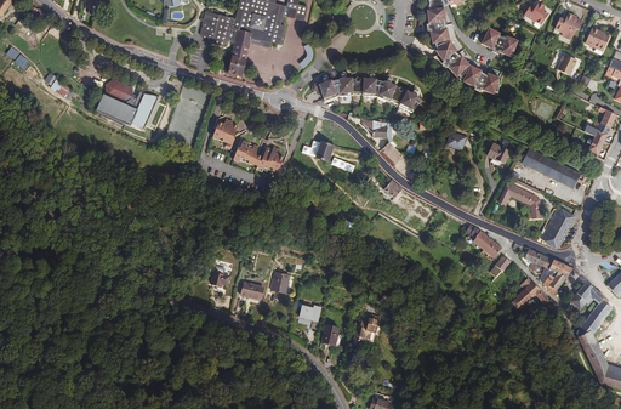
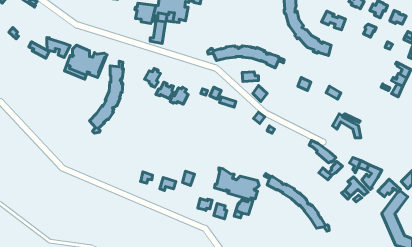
building: none -> [47,38,70,58]
building: none -> [90,61,123,133]
building: [525,149,583,192] -> none
building: [542,206,575,250] -> none
building: none -> [214,168,259,200]
building: none -> [264,173,329,231]

